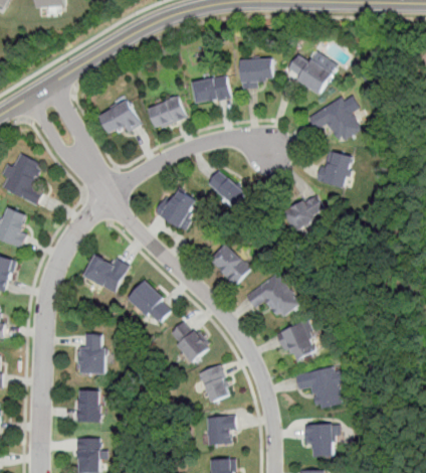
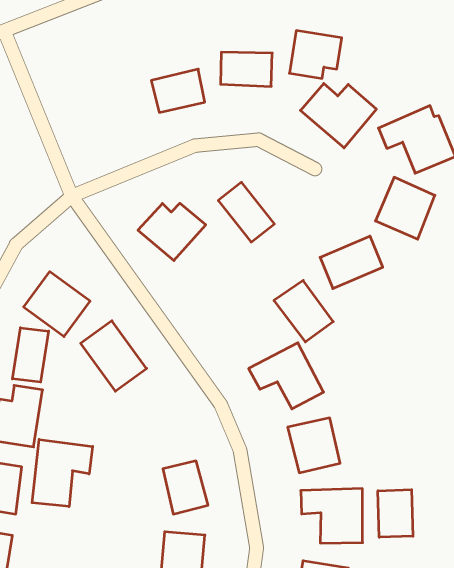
building: [285,50,338,95] -> [300,83,376,148]
building: [98,100,141,135] -> none
building: [208,244,251,286] -> [274,280,333,342]
building: none -> [12,328,49,382]
building: [169,321,208,365] -> none
building: none -> [378,490,413,537]
building: none -> [32,439,93,507]

